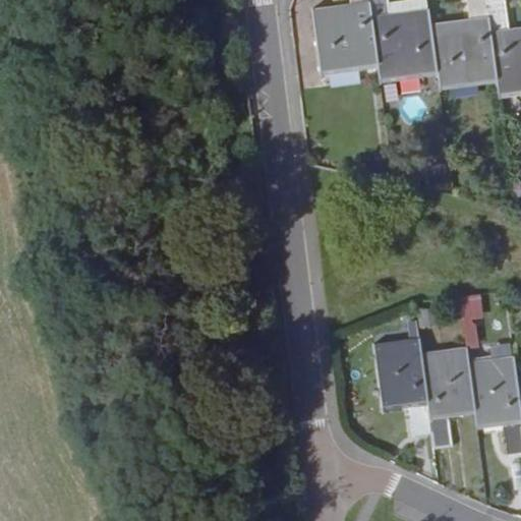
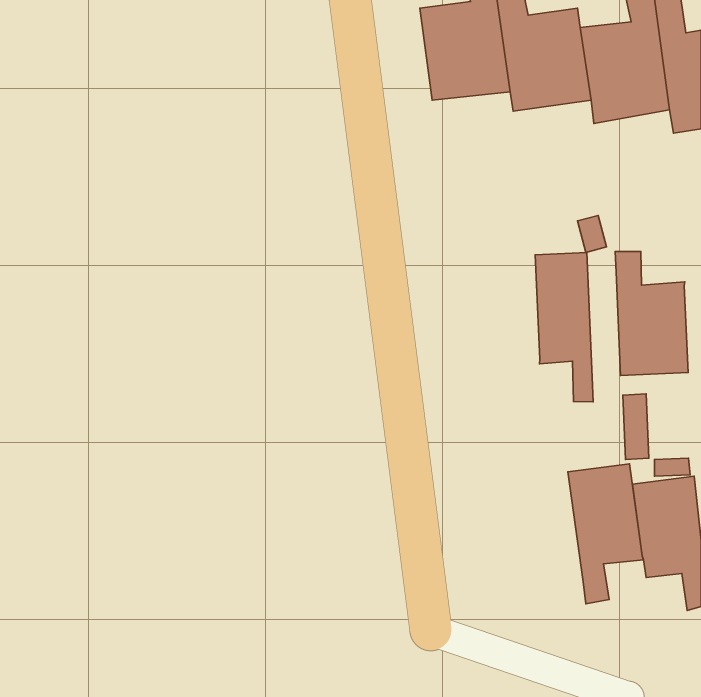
building: none -> [615,251,688,375]
building: none -> [535,252,593,402]
building: [373,336,432,435] -> none

